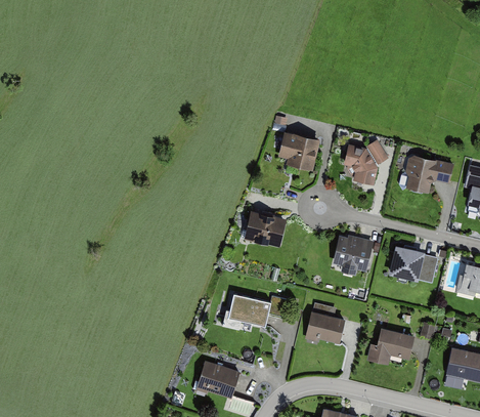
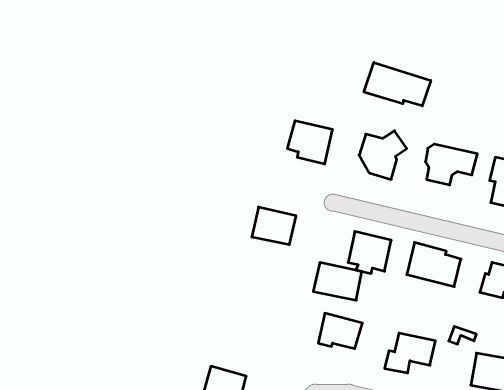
building: none -> [364,62,431,106]
building: [226,292,271,327] -> [313,263,362,300]

